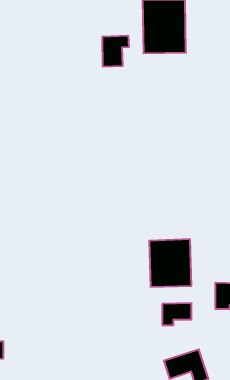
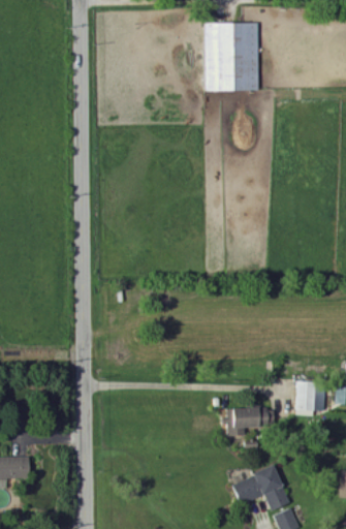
building: [102,36,129,67] -> none
building: [149,239,191,287] -> none

